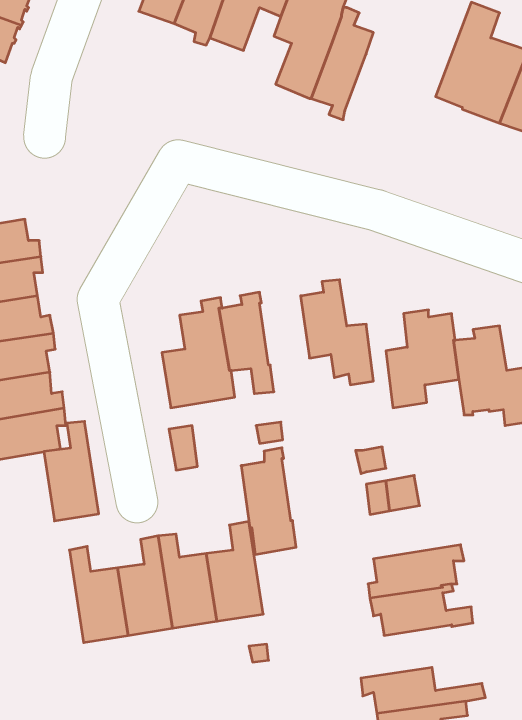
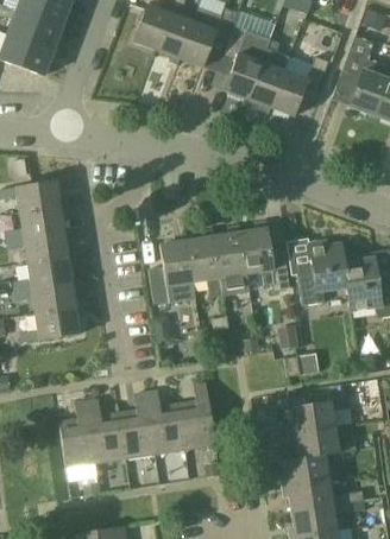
building: none -> [270,56,329,116]
building: [44,421,99,521] -> [58,401,95,468]
building: [241,448,296,554] -> [213,224,250,296]
building: none -> [279,451,344,487]

